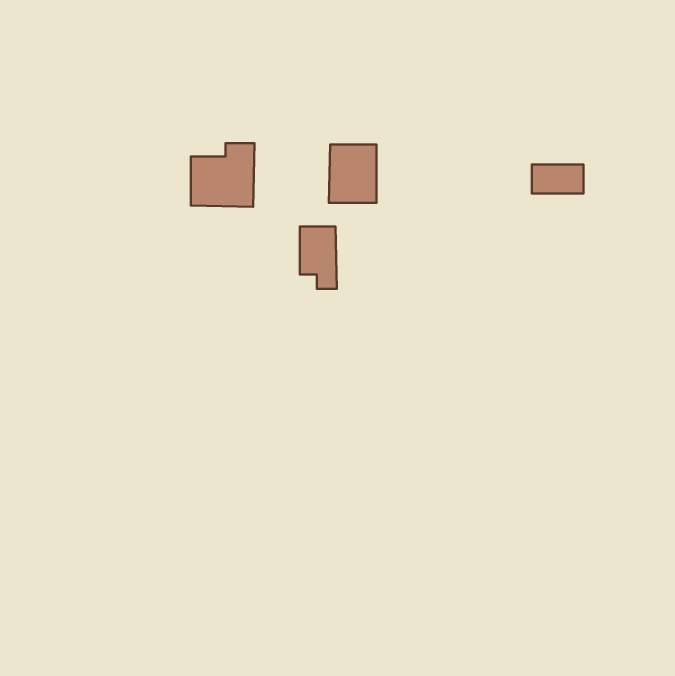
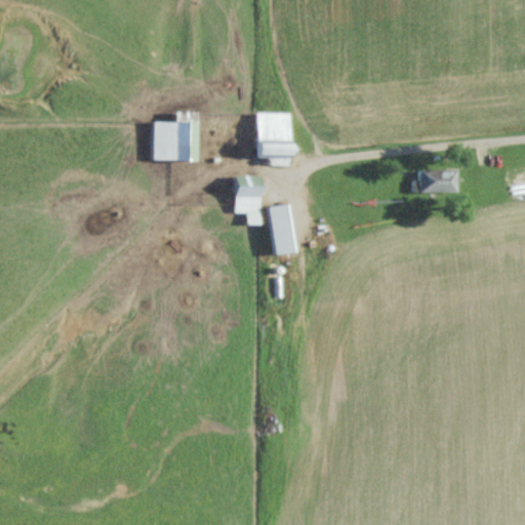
building: [532,164,583,194] -> [418,170,458,193]
building: none -> [265,204,297,256]

